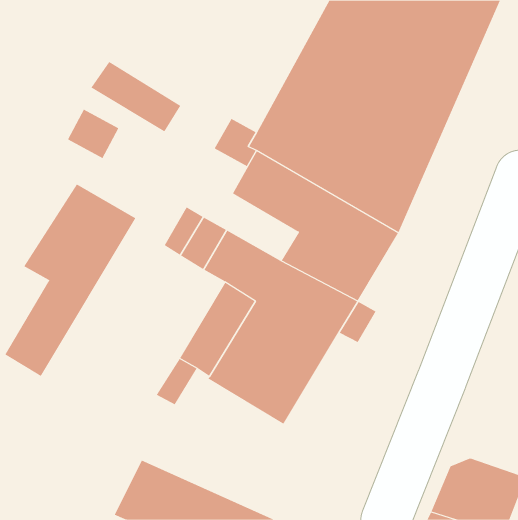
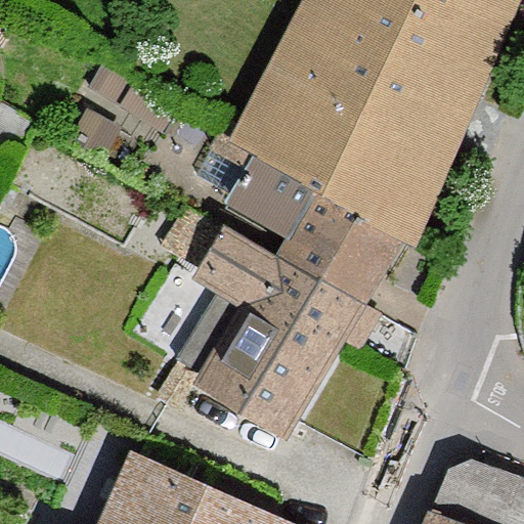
building: [4,184,136,377] -> none

